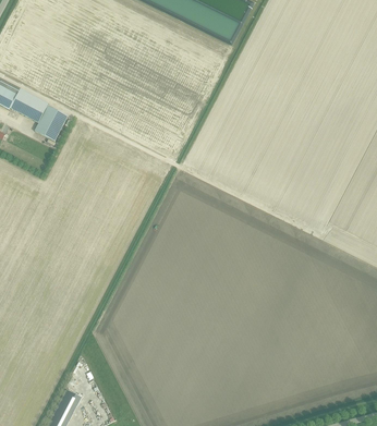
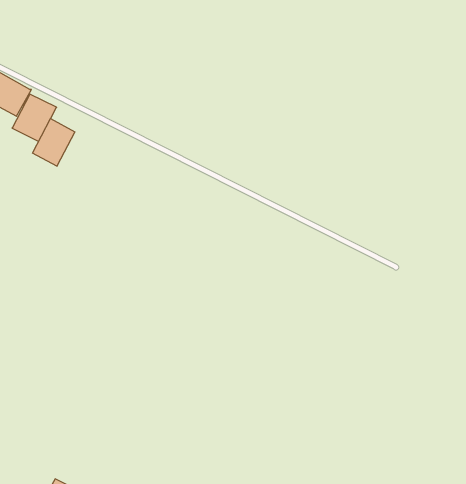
building: none -> [33,119,75,166]

